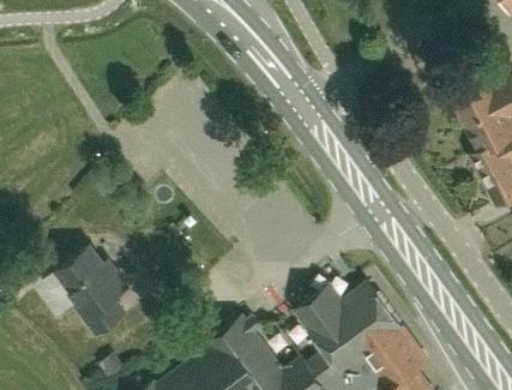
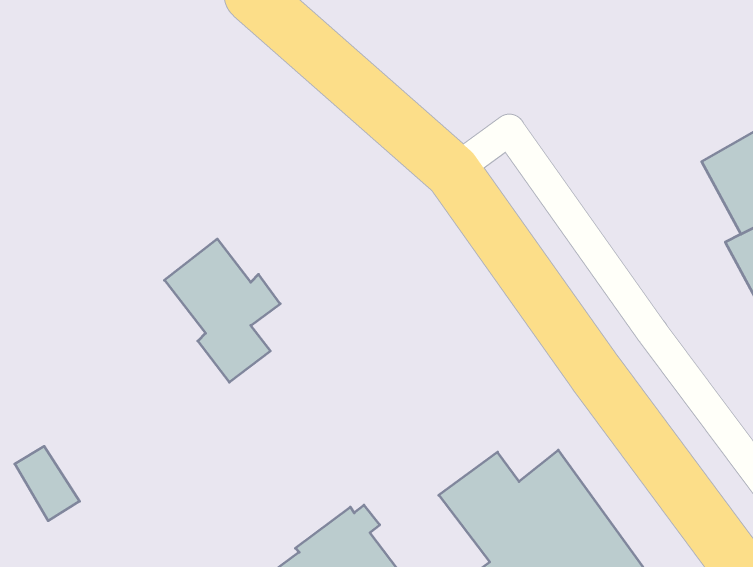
building: [56,246,127,334] -> [164,239,280,382]

